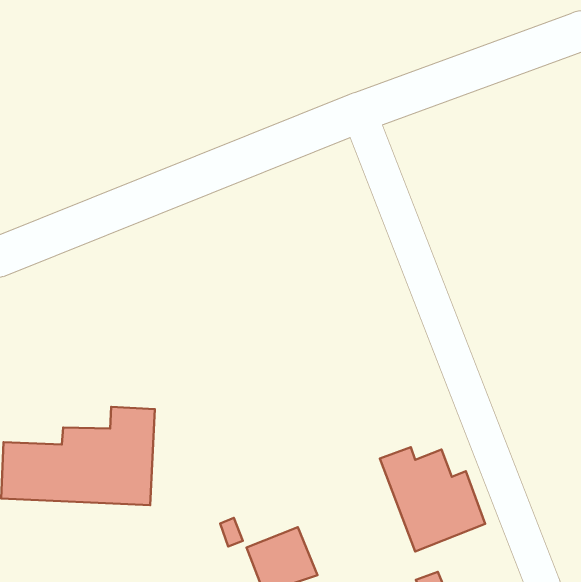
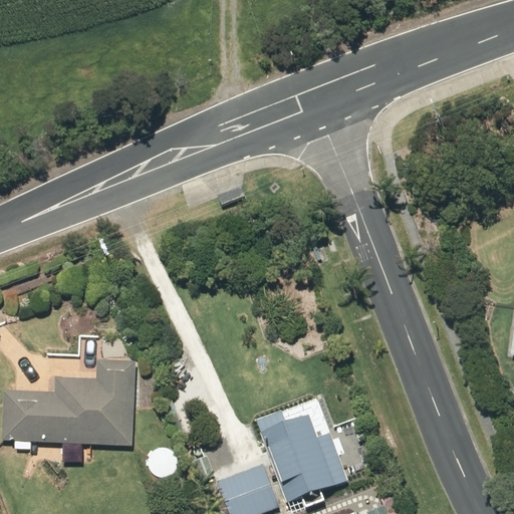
building: [380,447,485,551] -> [255,409,347,500]

